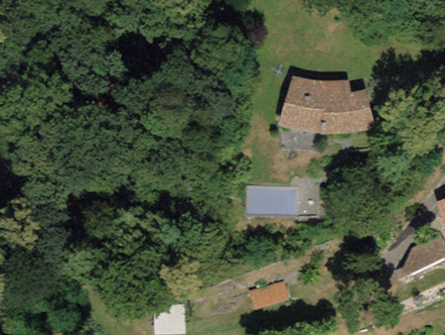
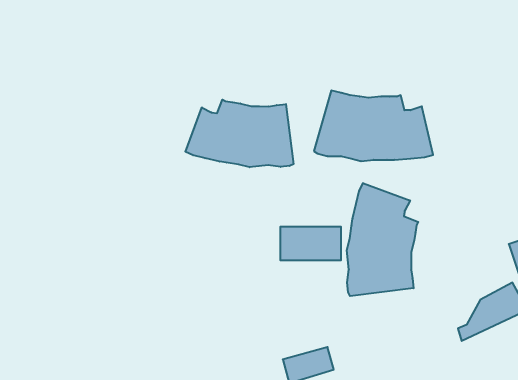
building: none -> [185,100,294,167]
building: none -> [347,183,418,296]

